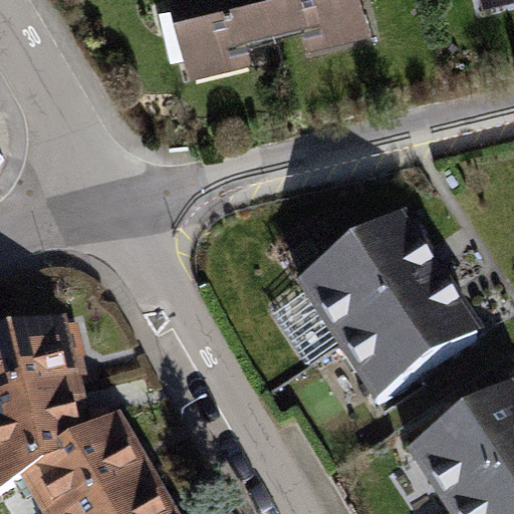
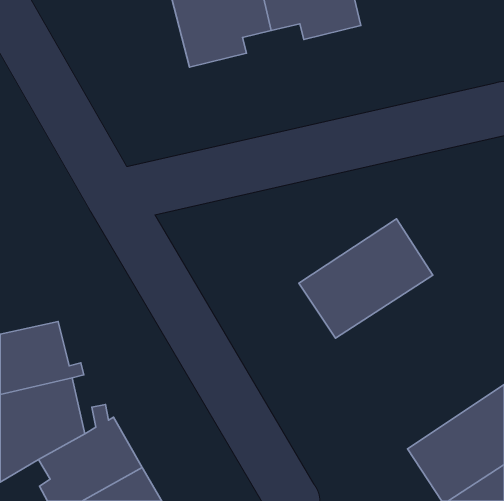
building: [341,280,478,401] -> none

